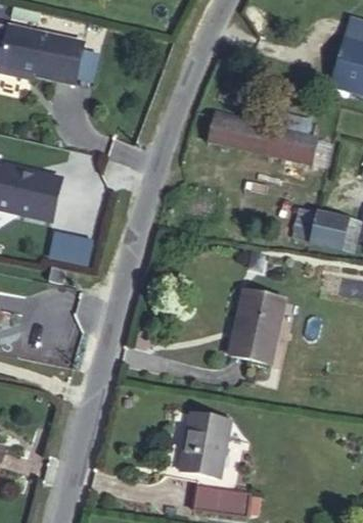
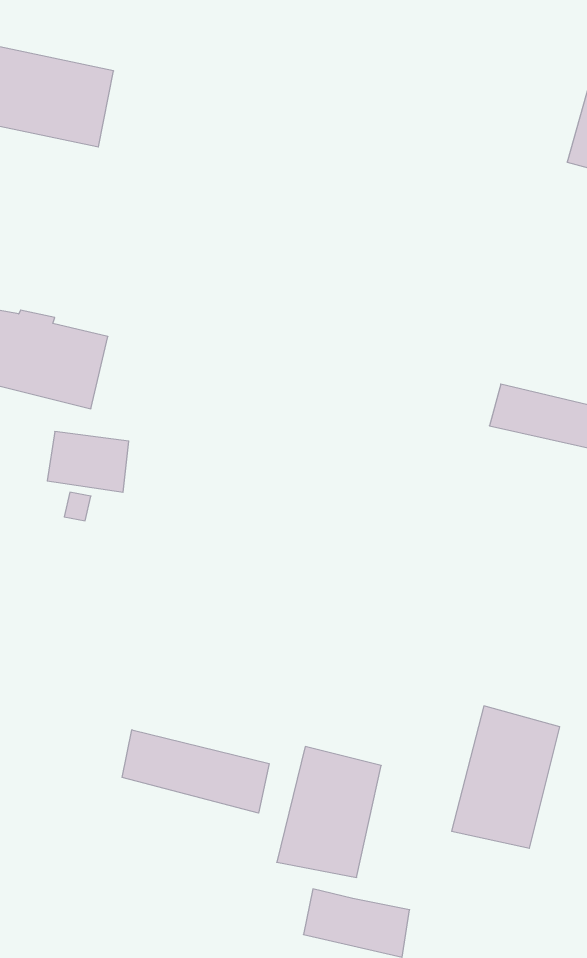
building: [210,116,311,164] -> none
building: [237,281,296,358] -> [452,706,560,848]
building: none -> [122,730,269,813]

